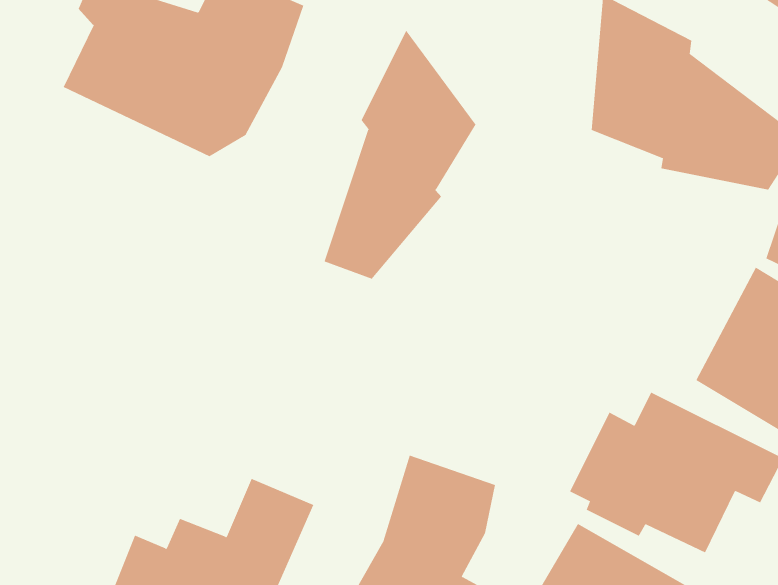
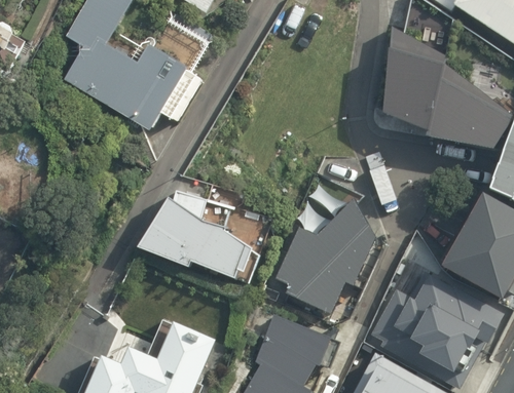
building: [324,30,476,280] -> none
building: none -> [136,188,254,283]
building: none -> [276,201,375,313]

